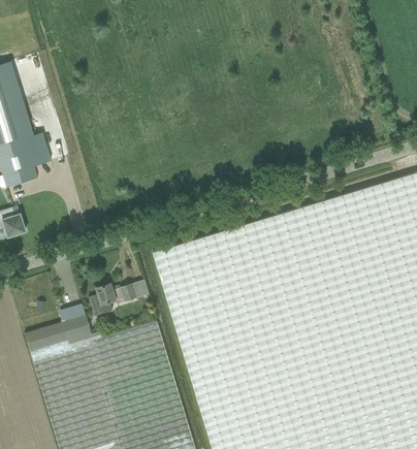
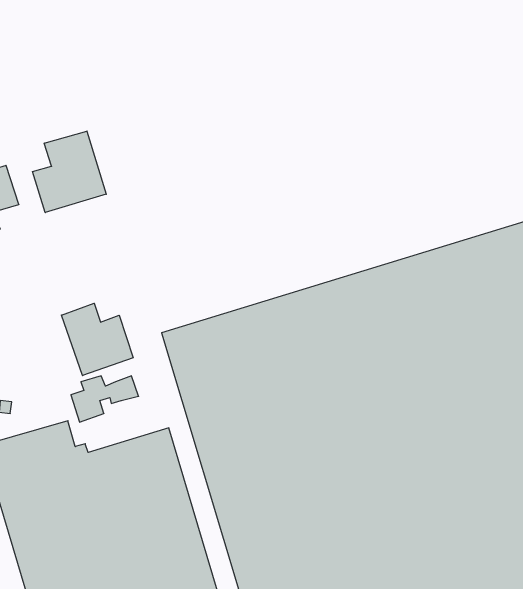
building: none -> [33,131,106,213]
building: none -> [61,303,133,376]

